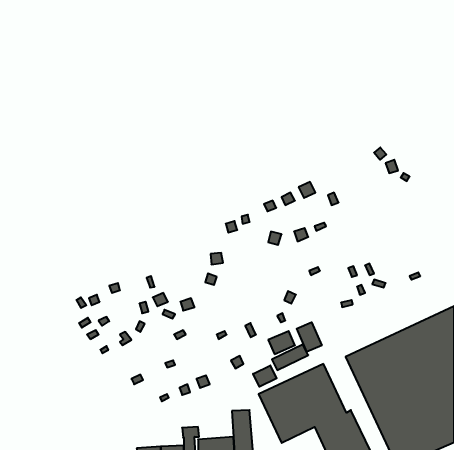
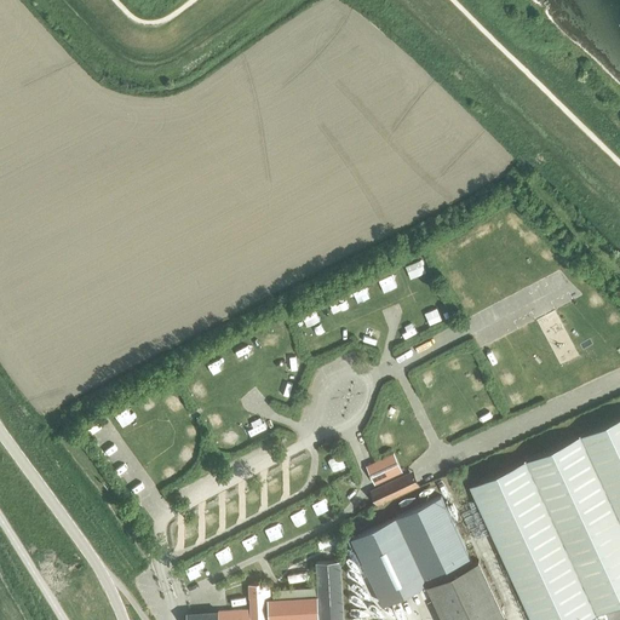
building: [297,322,322,352] -> none
building: [253,365,277,387] -> none

